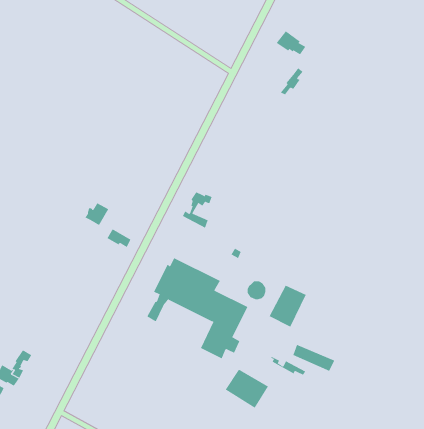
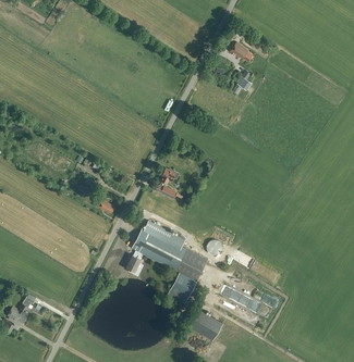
building: [269,285,306,327] -> none

